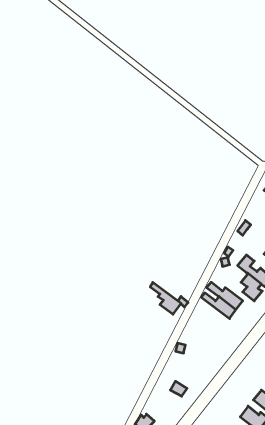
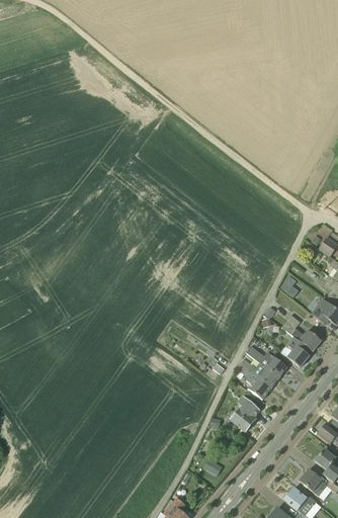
building: [150,282,181,314] -> [237,362,272,399]
building: none -> [230,396,260,431]

